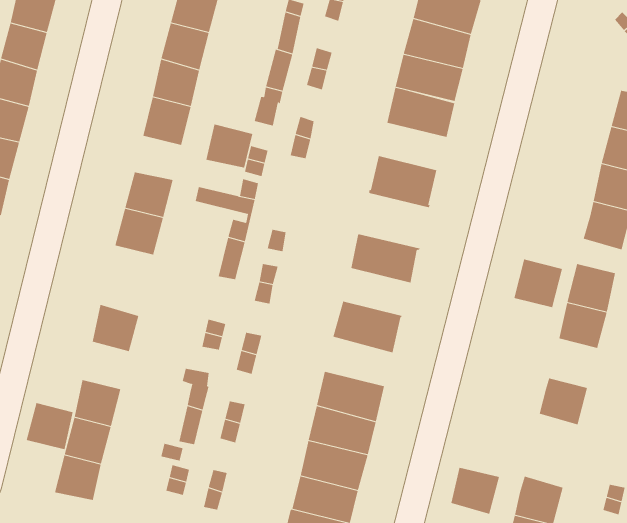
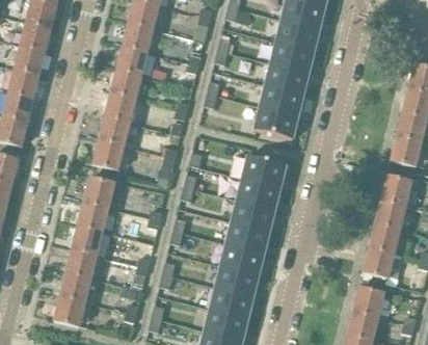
building: none -> [260,85,303,115]
building: [206,124,253,168] -> [105,94,135,122]
building: [514,259,563,308] -> [368,222,399,254]
building: none -> [83,178,114,208]
building: none -> [237,178,280,208]
building: none -> [225,221,269,253]
building: [26,402,73,450] -> [72,224,102,255]
building: [451,467,500,515] -> [352,287,383,317]

